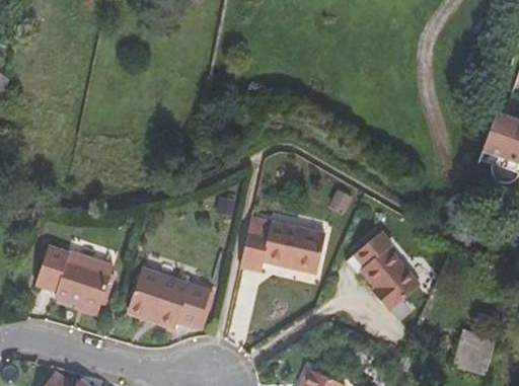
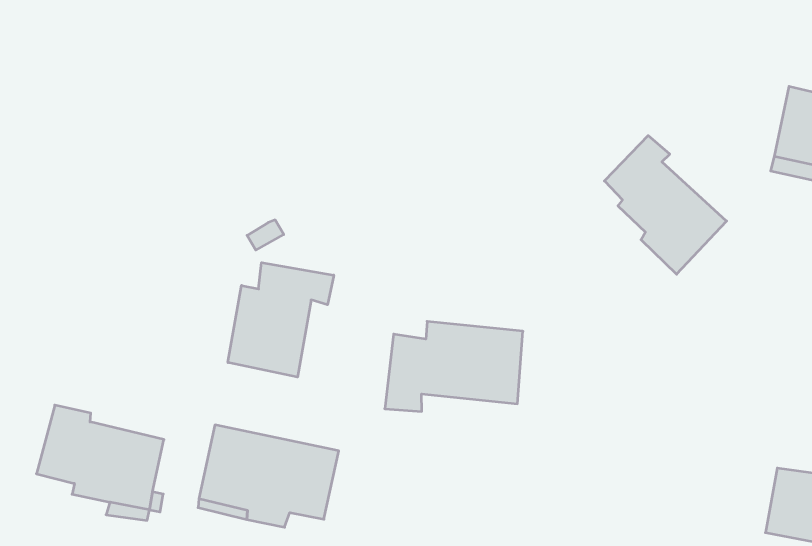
building: none -> [228,263,334,377]
building: [354,230,422,312] -> [604,136,727,274]

